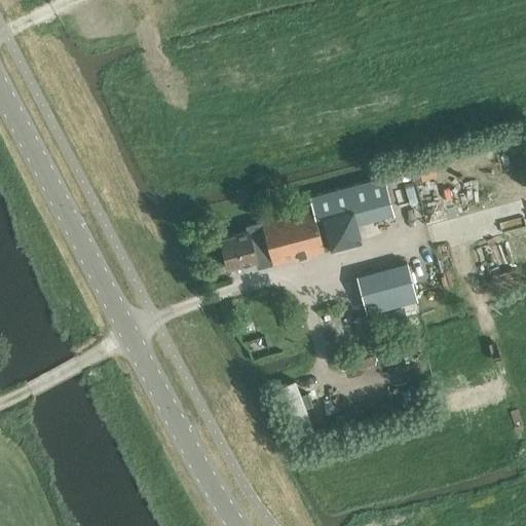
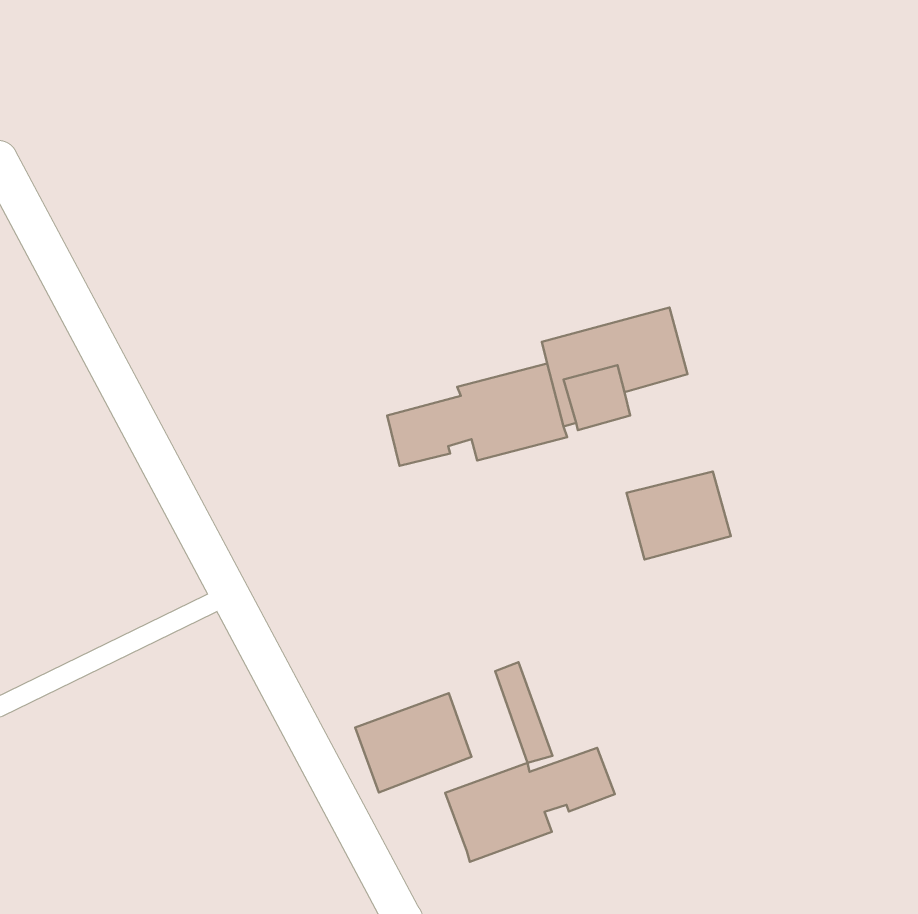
building: none -> [355,693,471,792]
building: none -> [445,748,615,862]

